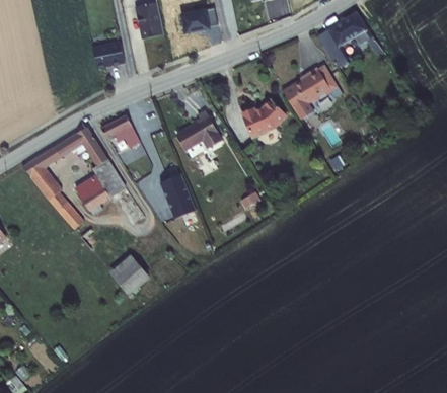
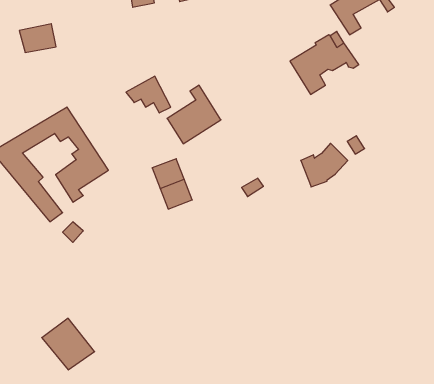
building: [91,44,124,69] -> [19,24,56,52]
building: [244,99,286,138] -> [301,143,348,187]
building: [99,114,139,147] -> [126,76,171,113]
building: [109,254,156,300] -> [42,318,95,370]

